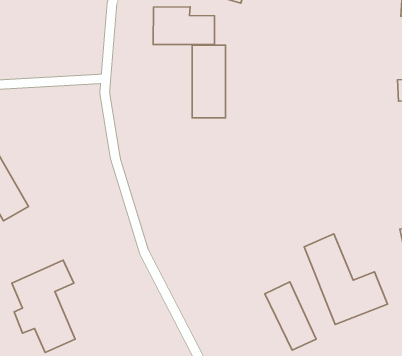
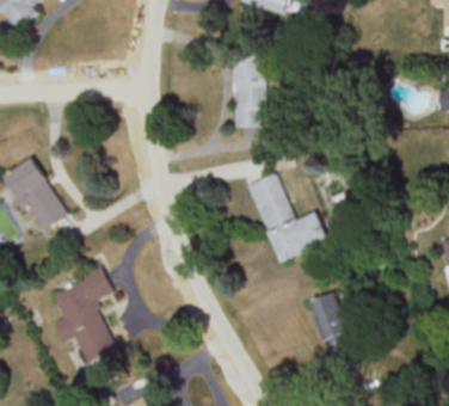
building: [153,7,215,44] -> none
building: [304,234,388,325] -> [247,172,331,263]

